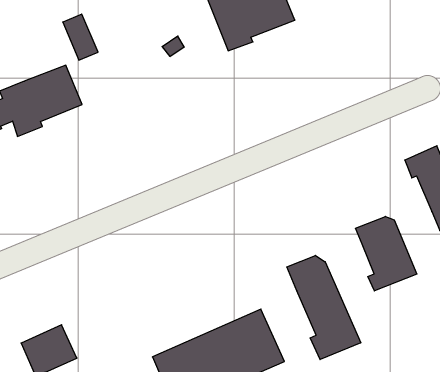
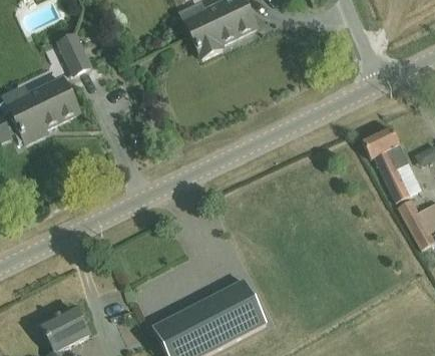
building: [356,216,417,291] -> none
building: [287,255,361,360] -> none

